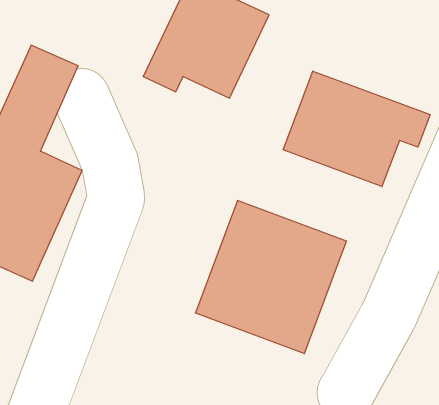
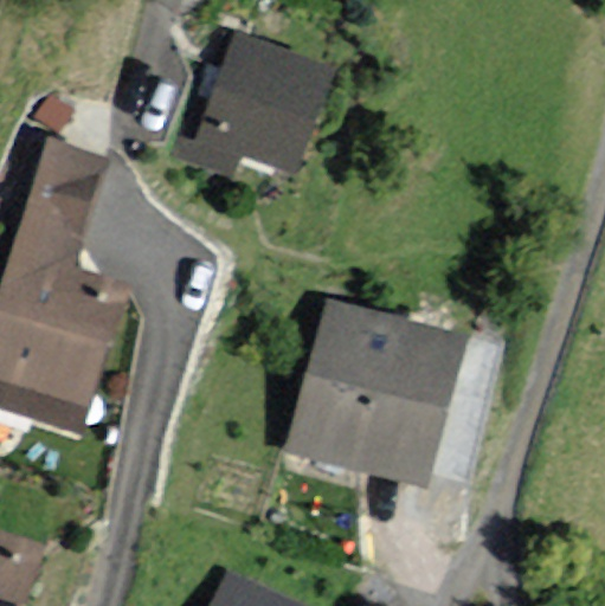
building: [283,71,430,187] -> none

